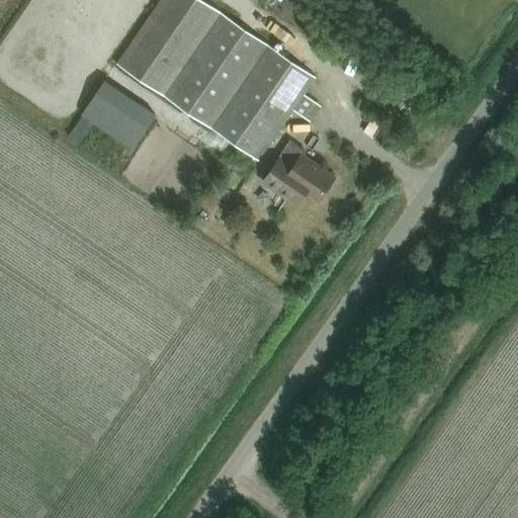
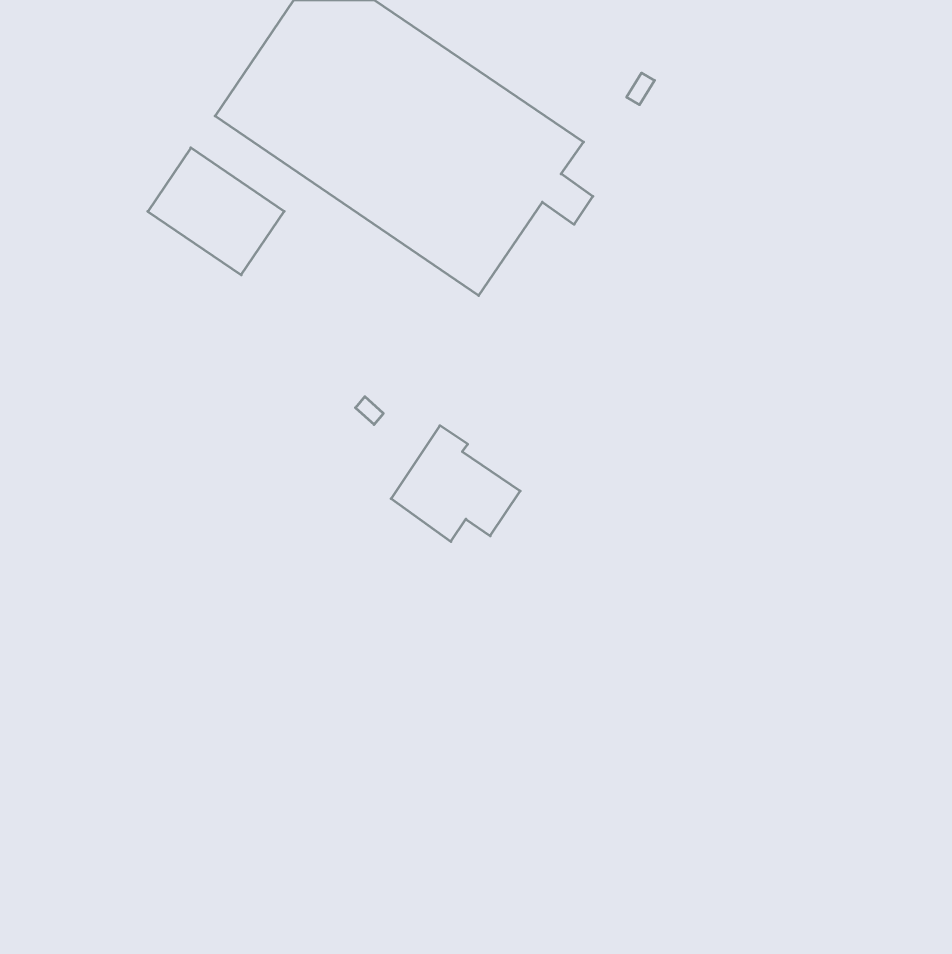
building: [263,143,333,205] -> [391,426,520,542]

